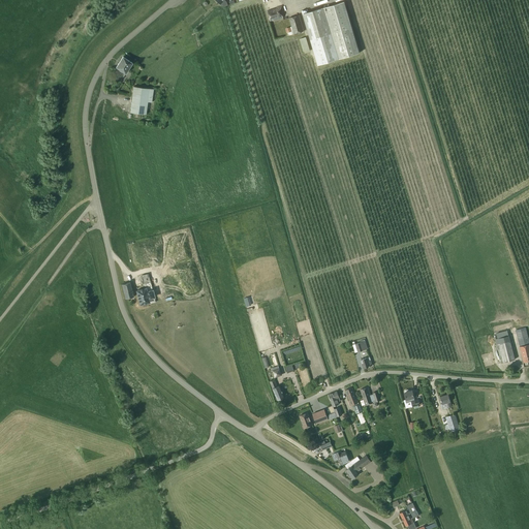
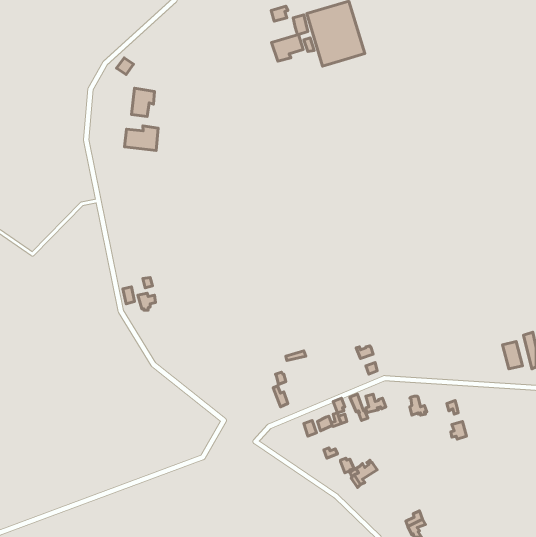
building: none -> [272,35,303,61]
building: none -> [125,126,158,151]

